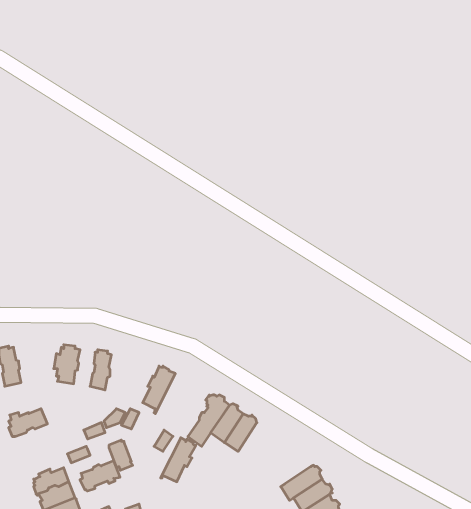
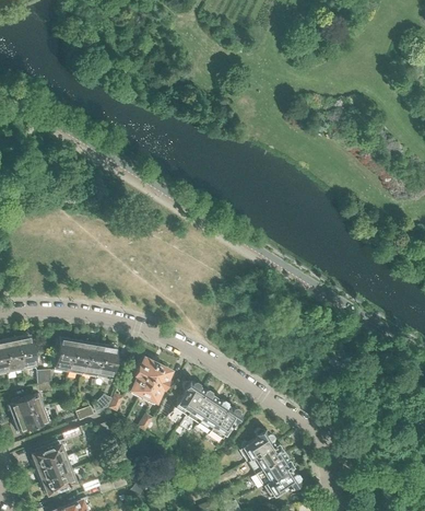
building: none -> [15,336,35,370]
building: none -> [68,339,86,373]
building: none -> [95,344,118,379]
building: none -> [211,405,241,438]
building: [161,438,196,482] -> [139,362,169,400]
building: none -> [243,428,274,461]
building: [80,461,120,491] -> [15,406,50,432]

